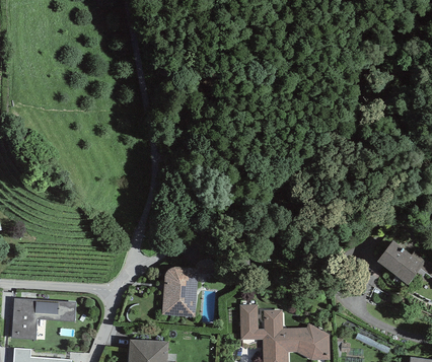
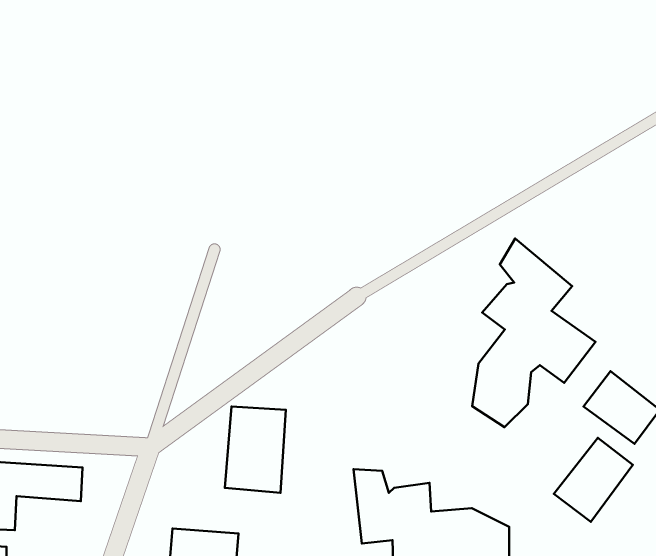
building: none -> [472,238,596,427]
building: none -> [554,438,633,522]

